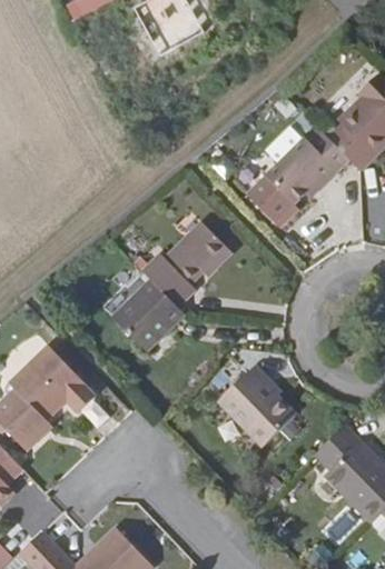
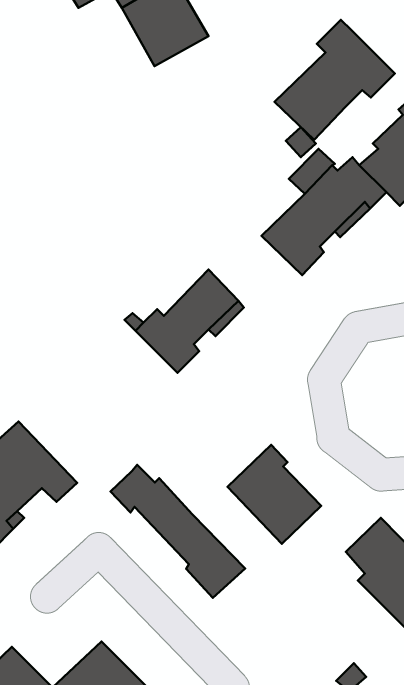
building: none -> [274,20,395,140]
building: [113,279,185,350] -> none
building: none -> [111,465,245,598]

